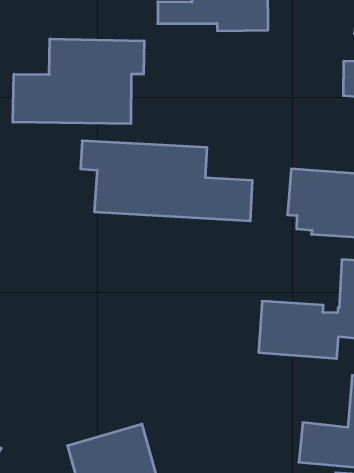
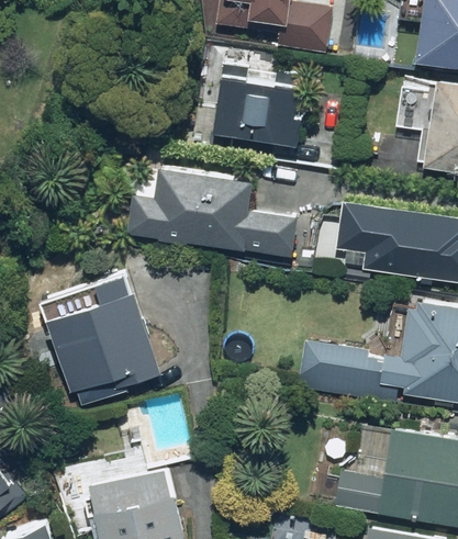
building: [13,39,144,124] -> none
building: none -> [213,66,306,154]
building: none -> [42,271,160,408]

